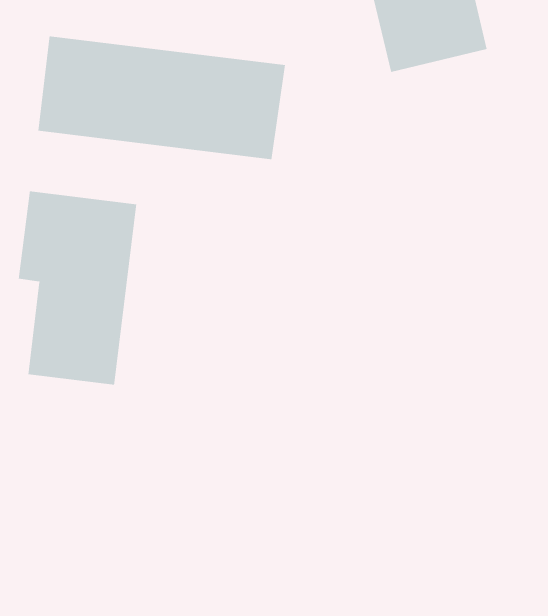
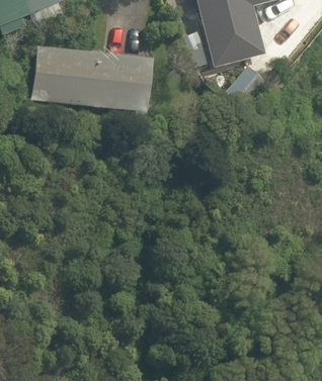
building: [18,190,137,386] -> none

